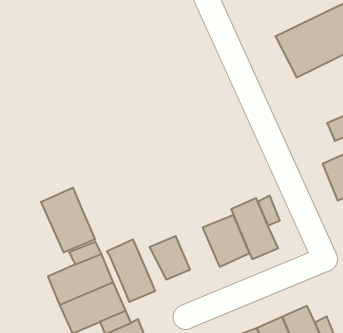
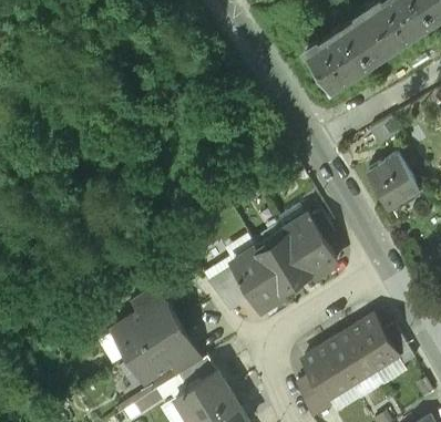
building: [41,188,95,253] -> none
building: [107,240,155,302] -> [230,249,284,311]

